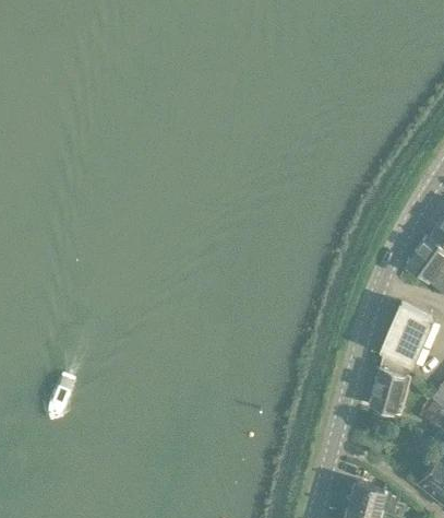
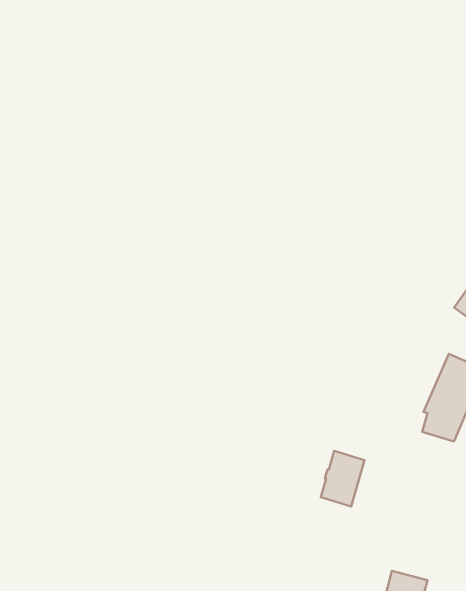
building: [370,368,406,414] -> [321,451,365,506]

